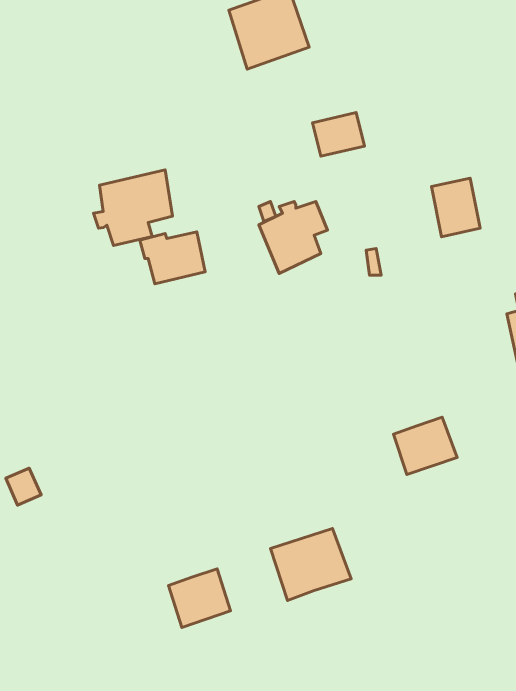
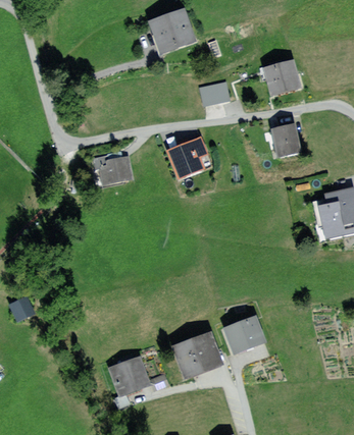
building: none -> [262,61,302,100]
building: [94,170,172,246] -> none
building: [393,417,457,474] -> [224,319,263,354]

